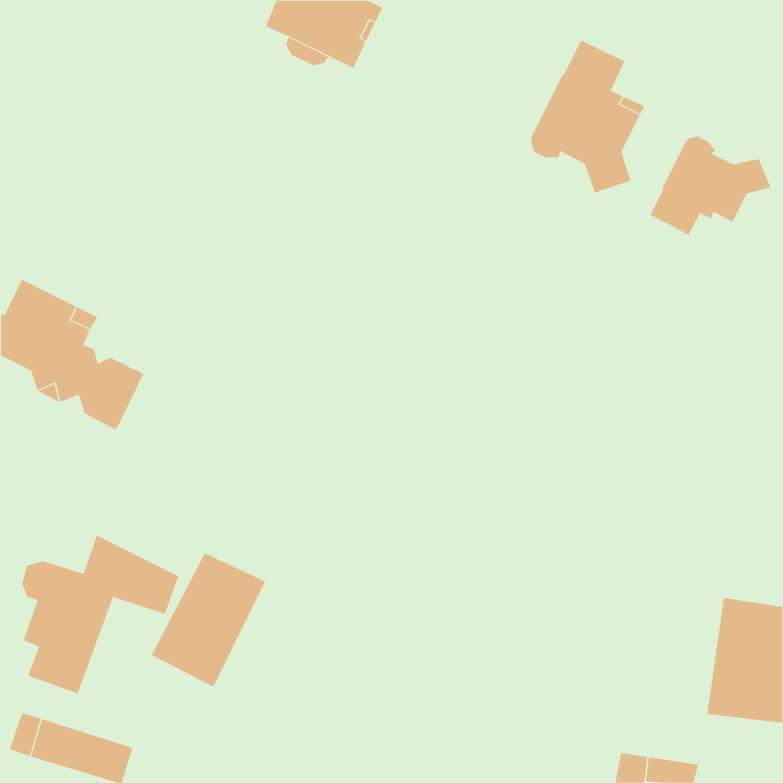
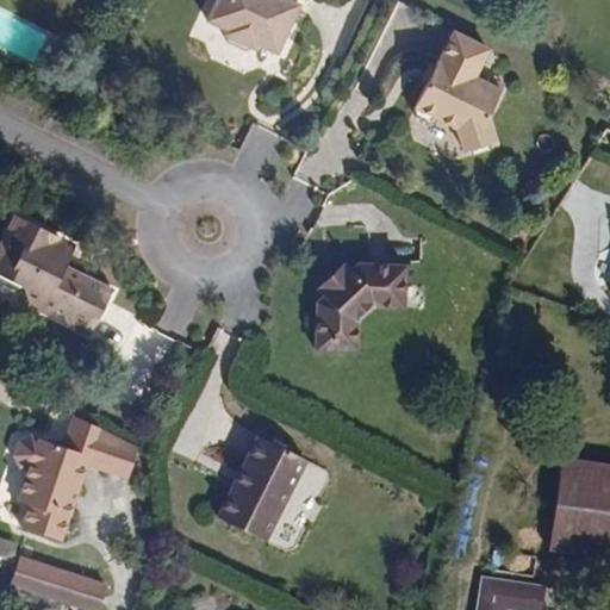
building: [650,136,771,235] -> none
building: none -> [313,262,405,353]
building: [151,553,266,687] -> [217,437,306,542]

